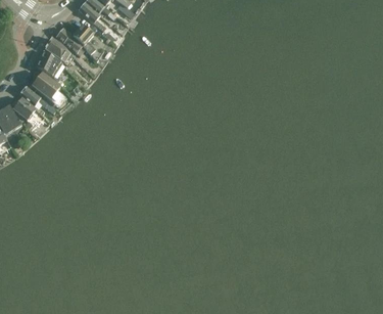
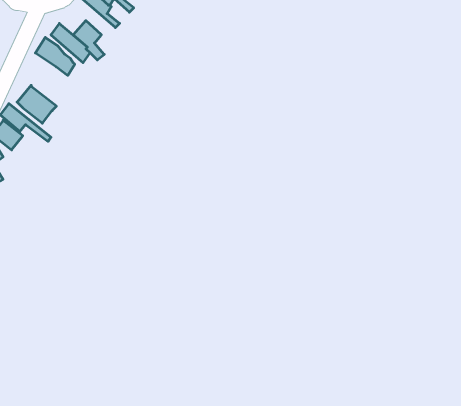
building: [36,48,62,75] -> none

